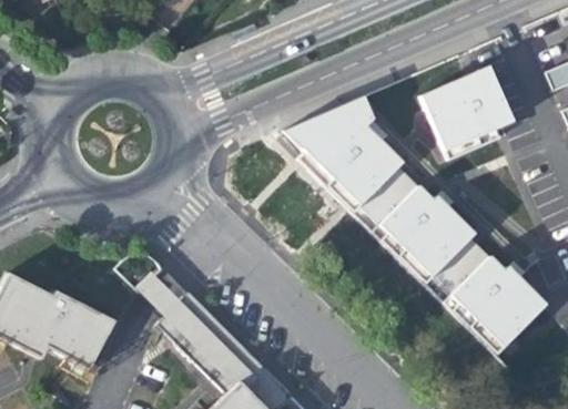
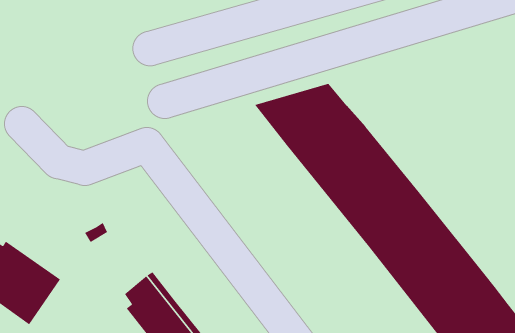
building: [422,65,514,160] -> none
building: [136,268,197,327] -> none

